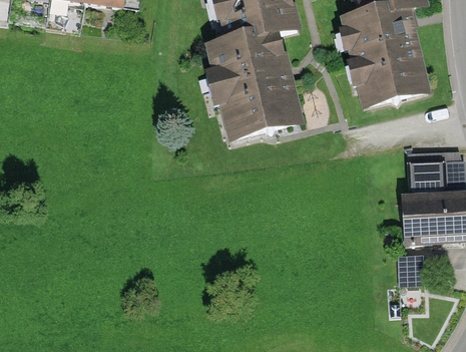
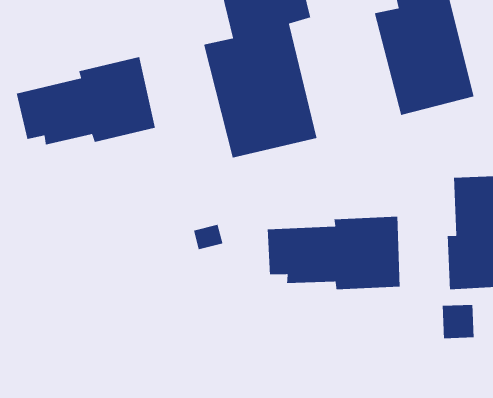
building: none -> [16,56,156,145]
building: none -> [267,216,400,290]

